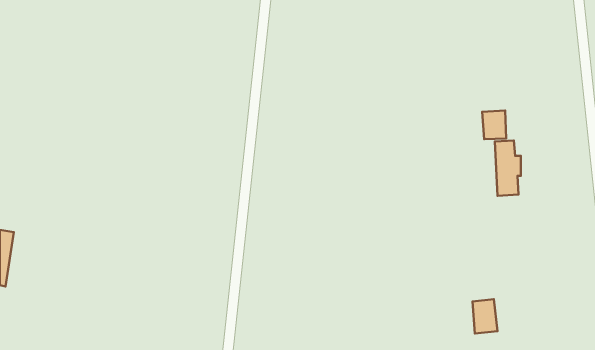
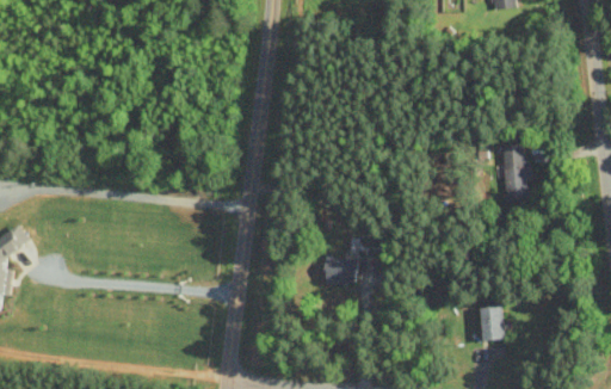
building: [482,111,506,139] -> none
building: none -> [325,259,356,284]

